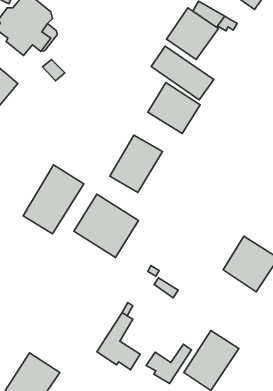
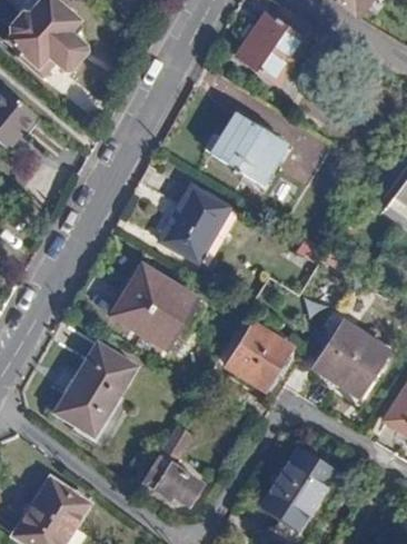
building: [151,46,214,100] -> none
building: [23,165,84,234] -> [53,342,136,435]
building: none -> [229,322,291,387]
building: [146,344,191,384] -> none

